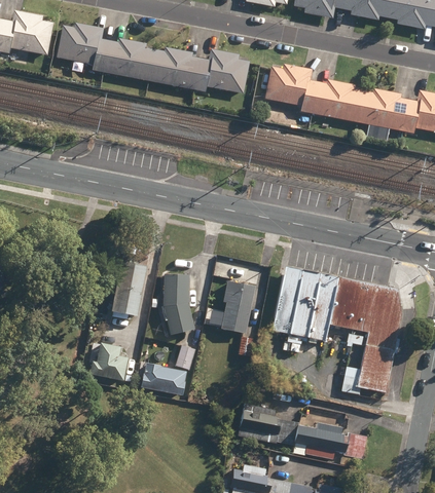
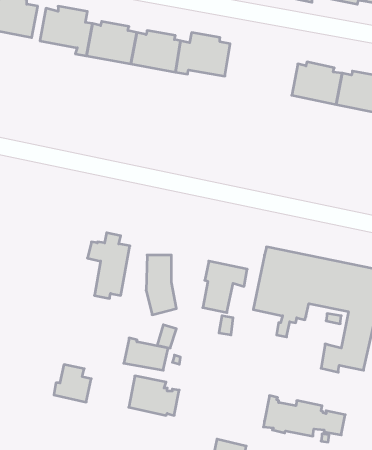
building: [264,64,318,113] -> none
building: [89,343,128,381] -> [54,365,91,402]
building: [238,404,289,444] -> [129,376,179,415]

